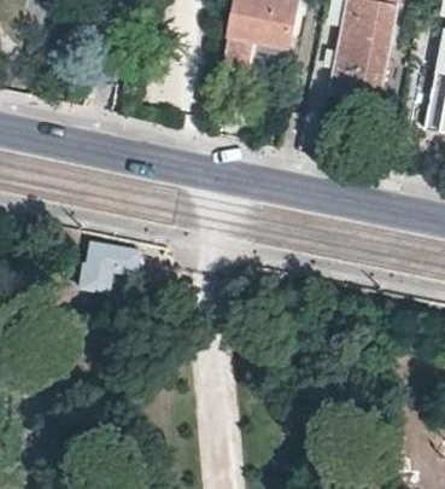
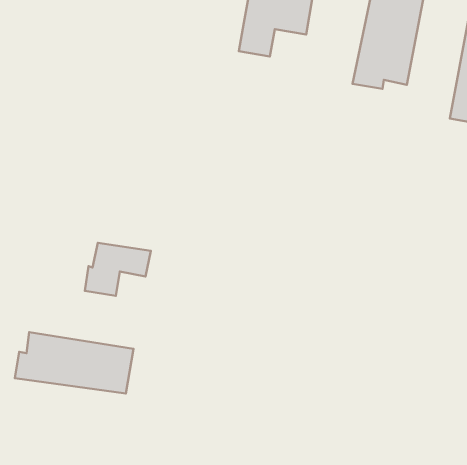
building: none -> [15,332,133,394]

